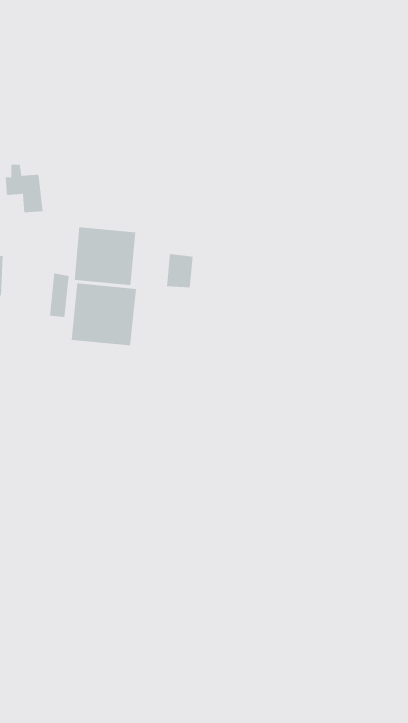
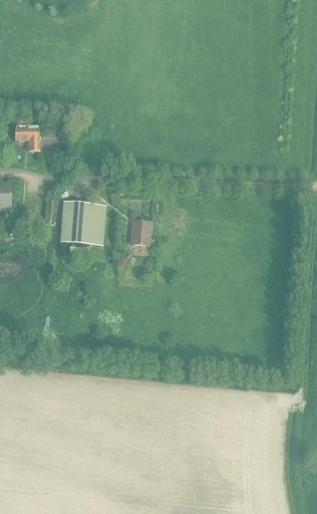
building: [74,226,136,286] -> none
building: [166,253,193,288] -> [130,220,149,244]

